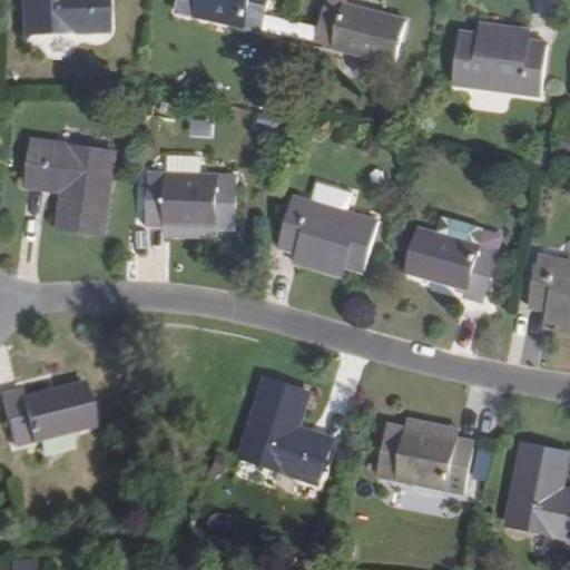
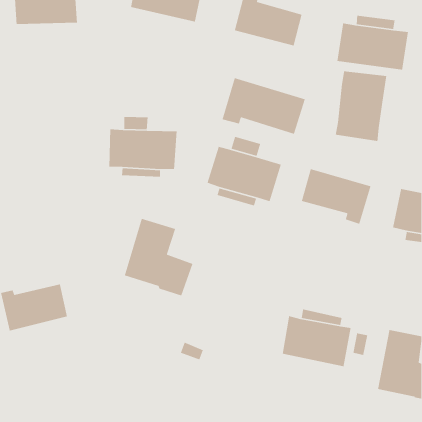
building: none -> [335,71,387,142]
building: none -> [222,77,306,135]
building: [27,140,115,233] -> none
building: [239,376,333,482] -> [124,218,194,297]

